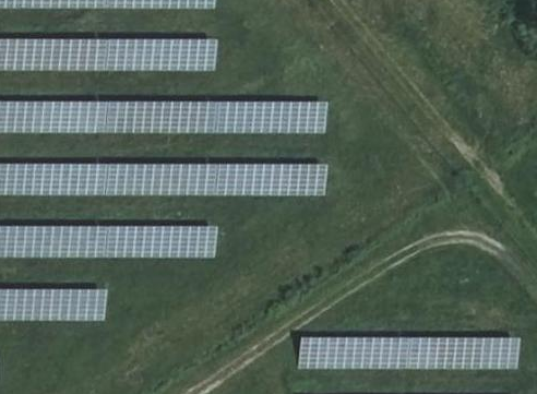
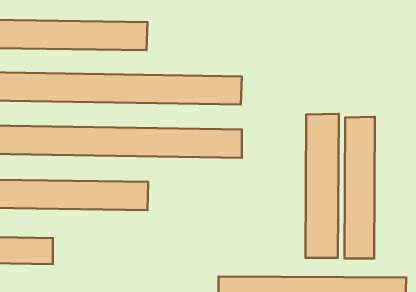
building: none -> [305,114,339,258]
building: none -> [345,117,375,259]

